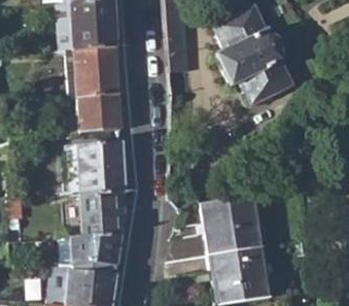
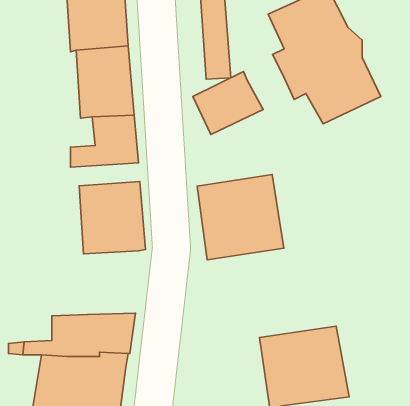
building: none -> [193,71,263,134]
building: [82,193,124,238] -> none
building: [201,194,263,254] -> [197,175,284,260]

